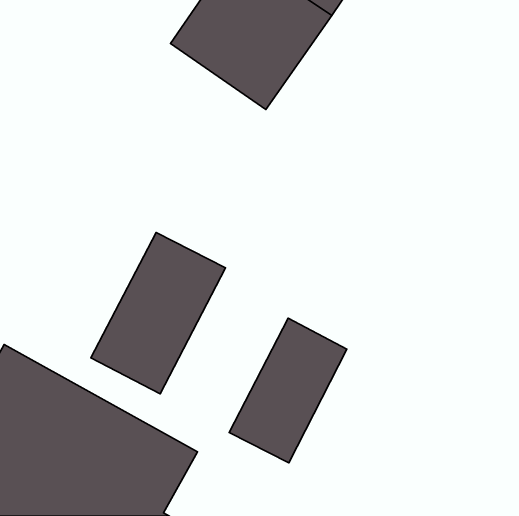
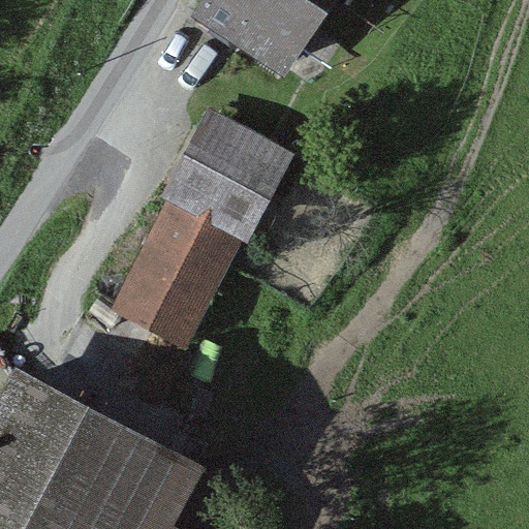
building: none -> [143,135,286,276]
building: [229,318,347,463] -> none

